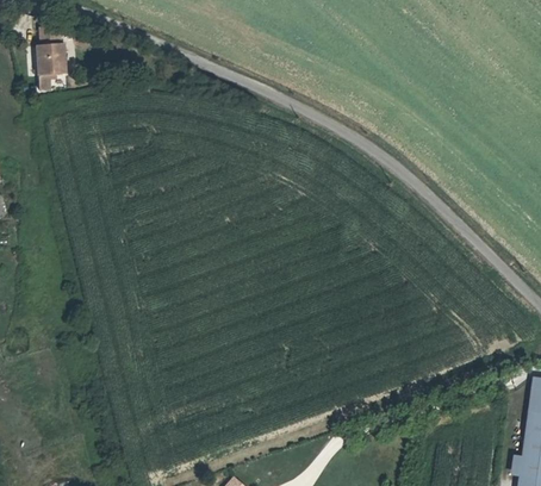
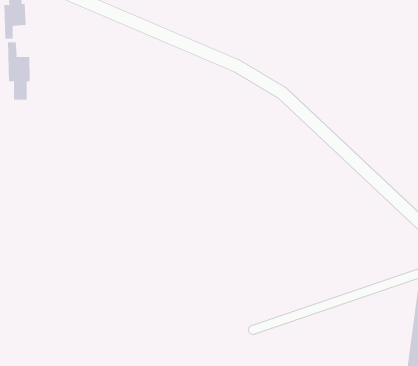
building: none -> [7,41,30,100]

